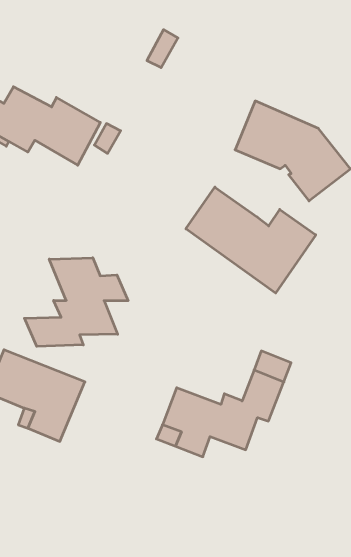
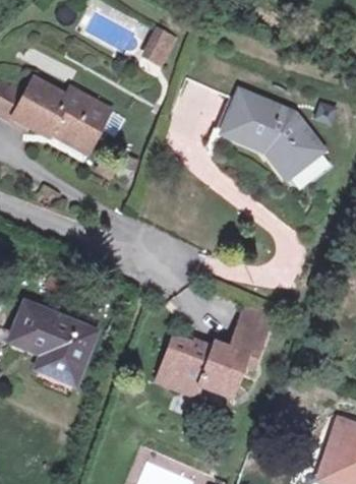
building: [186,187,316,293] -> none
building: [24,258,128,346] -> none

